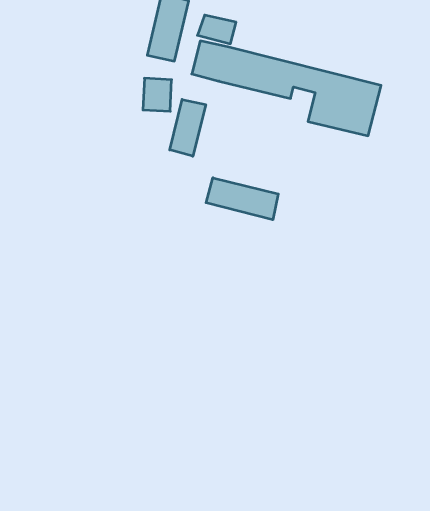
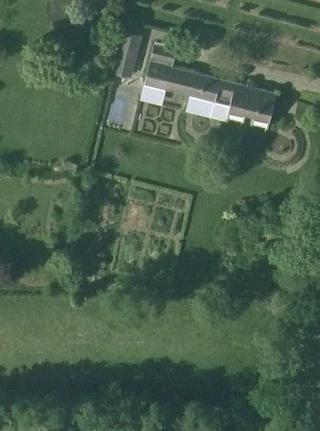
building: [170,99,206,156] -> none
building: [206,178,278,220] -> none

